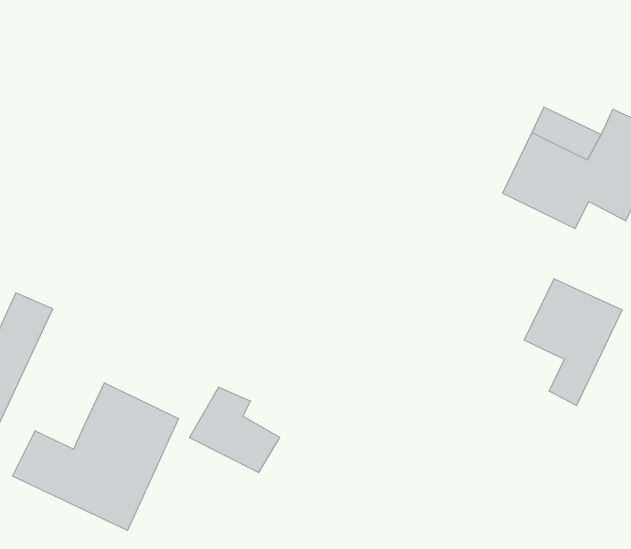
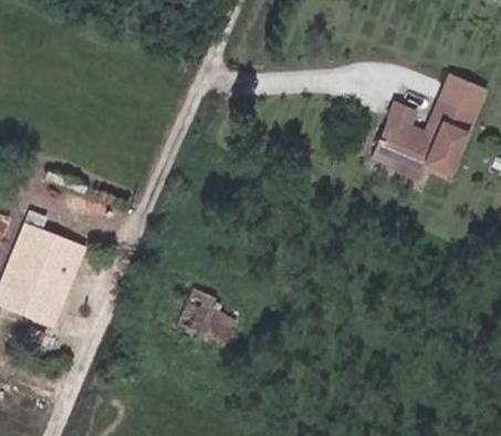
building: [524,279,622,406] -> none
building: [12,383,179,530] -> none

